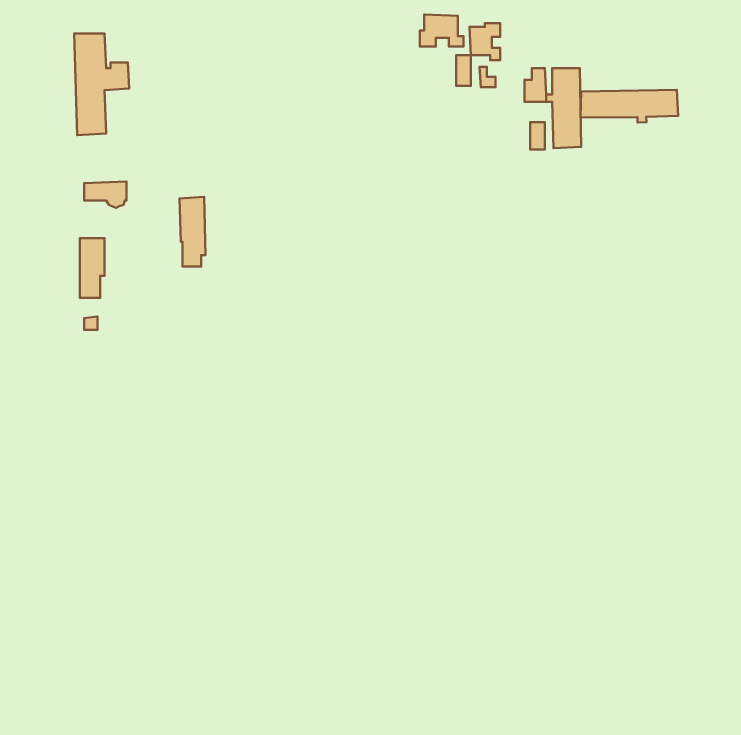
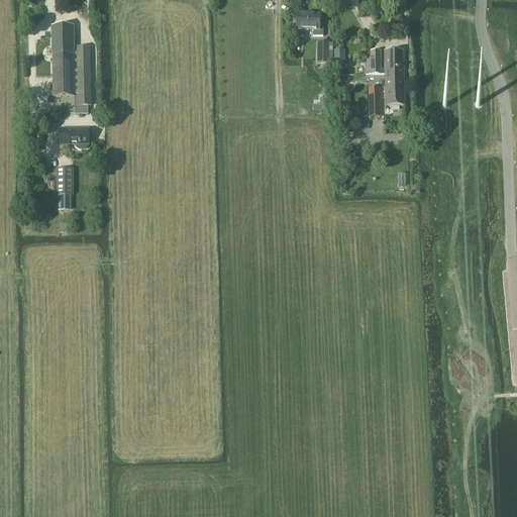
building: [469,23,500,60] -> none
building: [581,90,678,123] -> none
building: [179,197,206,267] -> [74,62,92,110]

